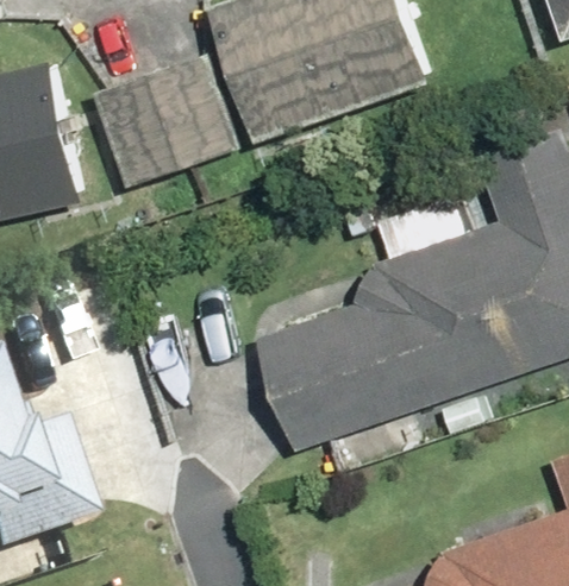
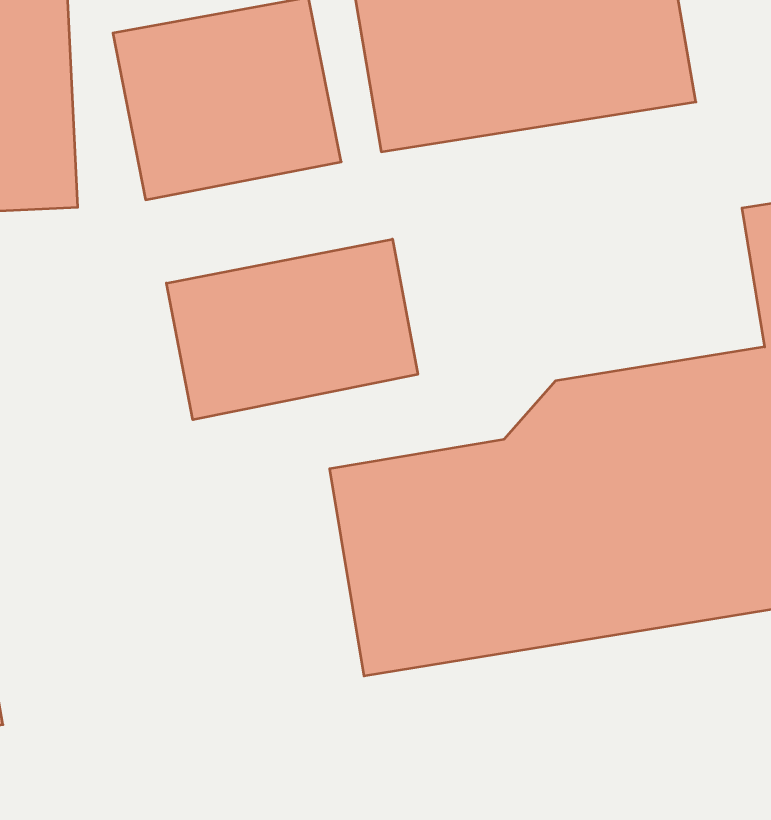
building: none -> [166,239,418,420]

